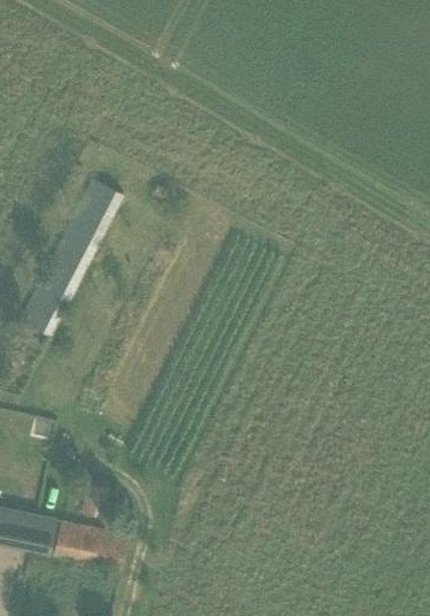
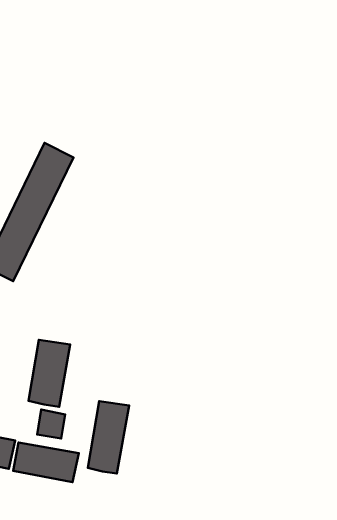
building: none -> [28,340,70,407]
building: none -> [88,401,129,474]

